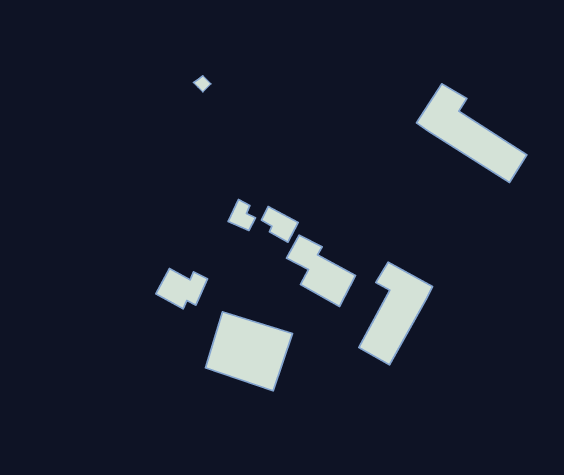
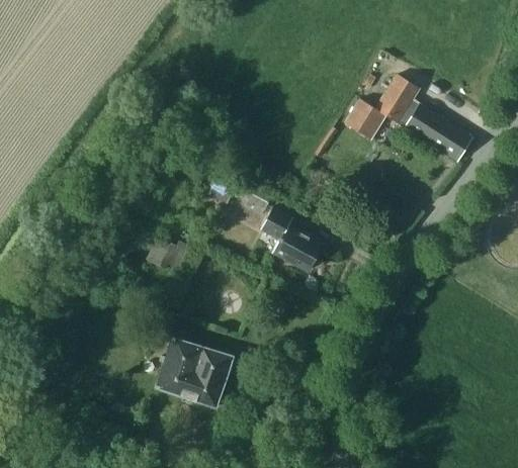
building: none -> [345,99,385,138]
building: [359,262,433,365] -> none
building: [205,312,293,391] -> [157,337,234,406]

